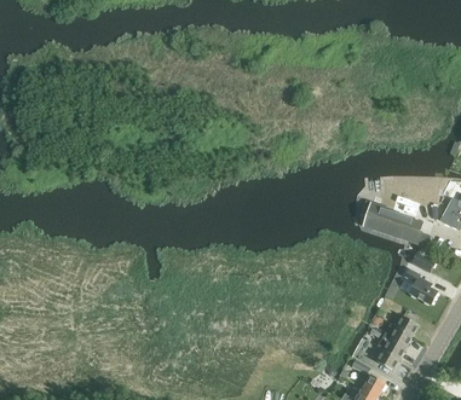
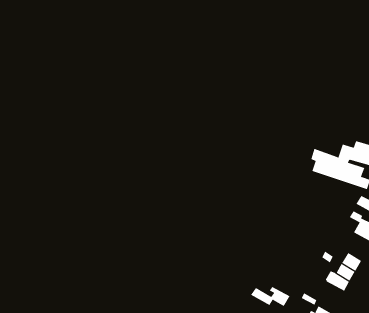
building: [355,347,399,370] -> [250,286,291,307]

